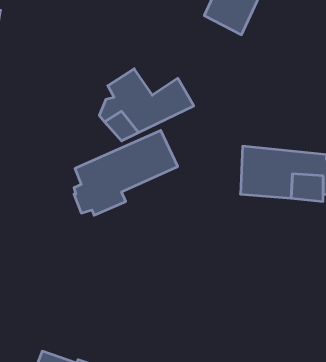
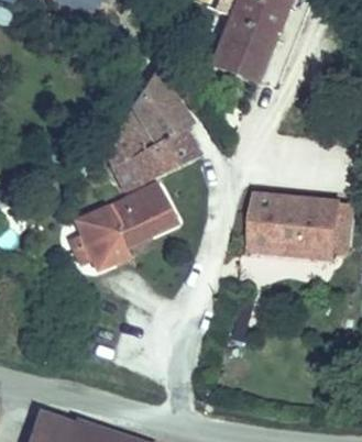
building: none -> [136,76,193,143]

